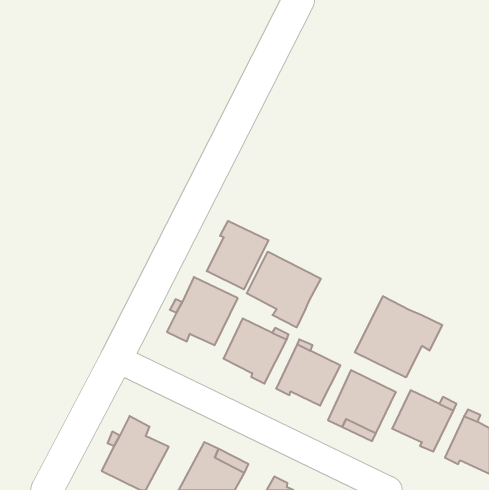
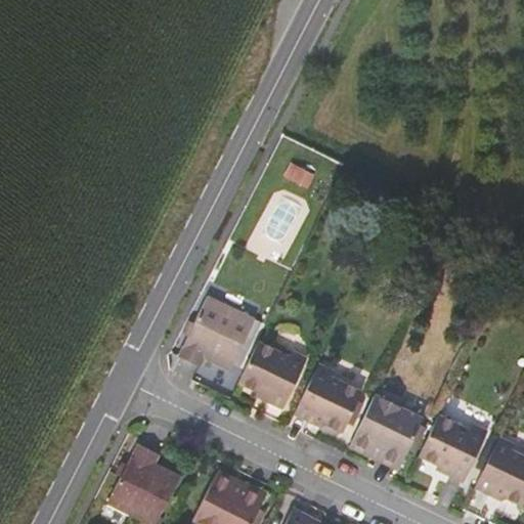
building: [207,221,268,289] -> none
building: [247,252,321,327] -> none
building: [355,296,442,377] -> none

